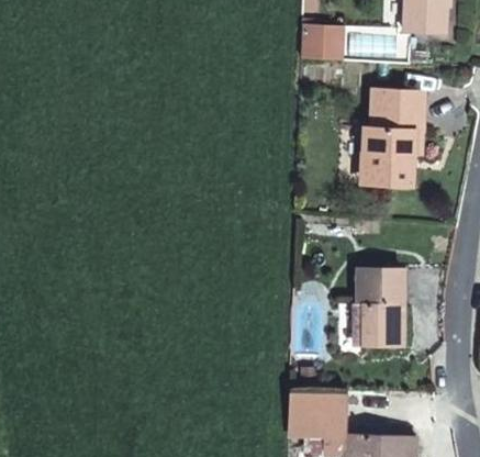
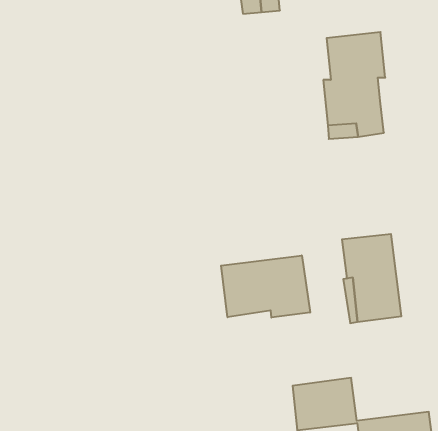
building: none -> [221,255,310,318]

